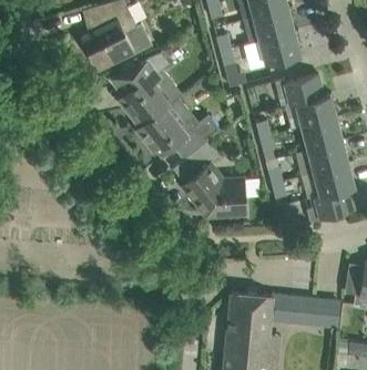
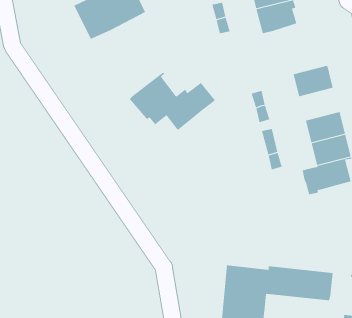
building: [119,53,169,126] -> none
building: [275,75,332,106] -> none
building: [302,119,343,151] -> none
building: [173,141,245,217] -> none

